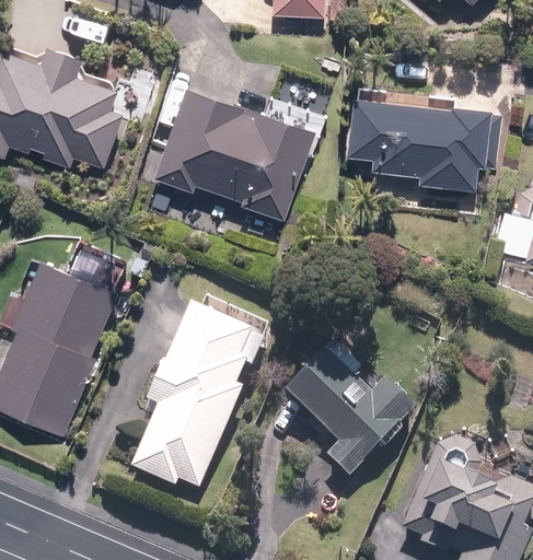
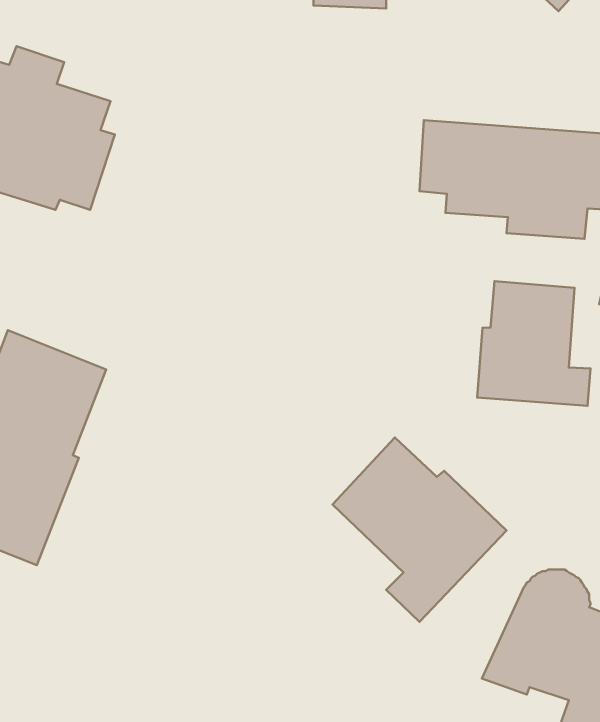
building: [153,84,313,219] -> none
building: none -> [477,281,590,406]
building: [132,304,267,488] -> none

